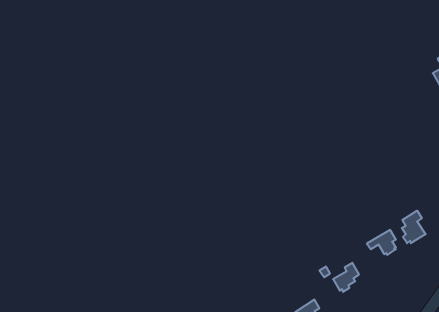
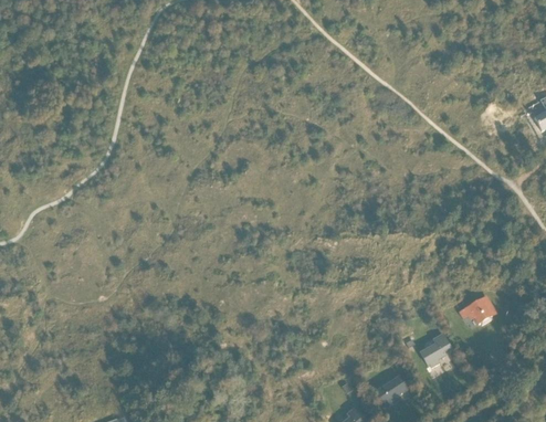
building: [402,211,426,243] -> none

